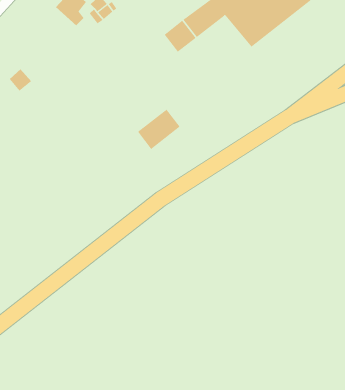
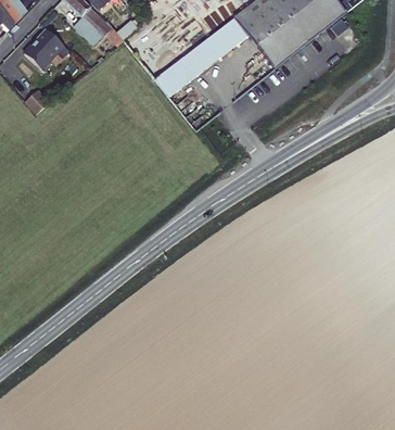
building: none -> [25,26,64,67]
building: [137,109,180,150] -> [155,53,200,96]

